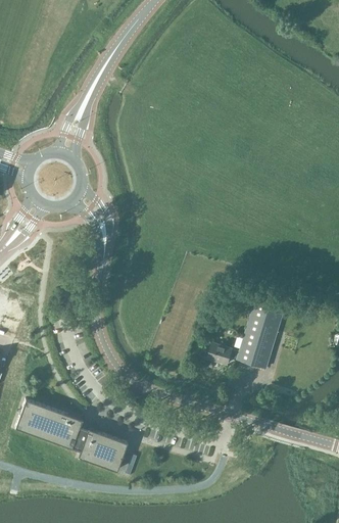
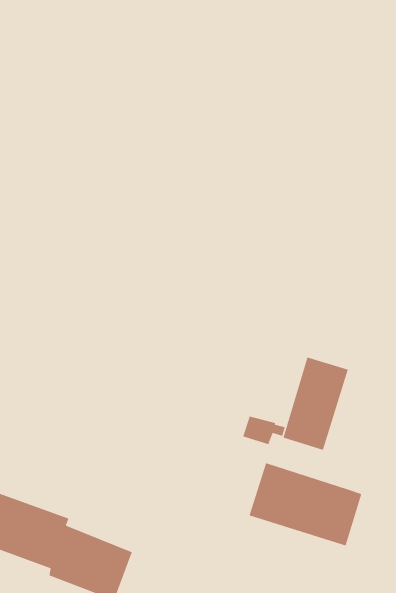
building: none -> [248,462,362,546]

